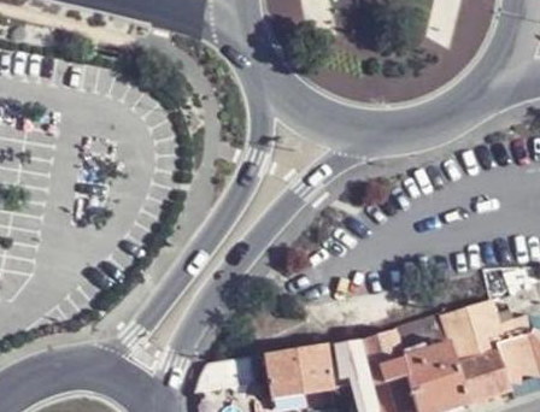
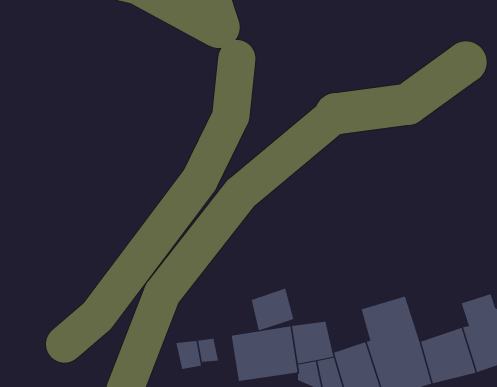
building: [440,299,503,360] -> none
building: [360,328,404,371] -> [251,288,294,331]

